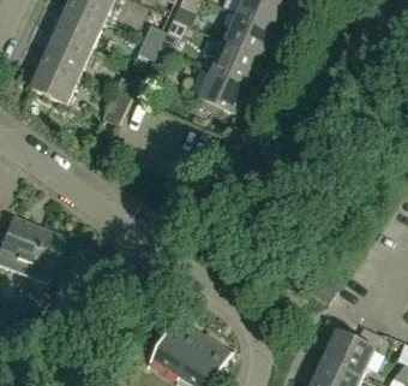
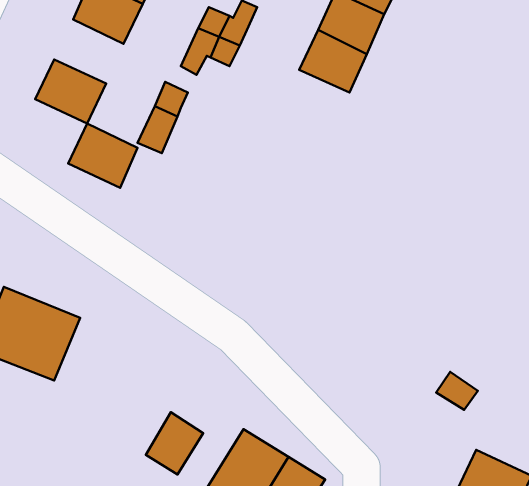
building: [44,31,92,76] -> [68,124,137,188]
building: [200,66,248,112] -> none
building: none -> [146,412,203,475]

